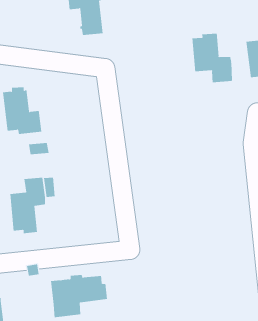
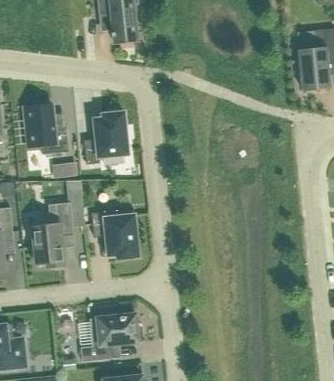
building: [192,33,233,83] -> none
building: none -> [84,111,128,164]
building: none -> [92,208,138,258]

